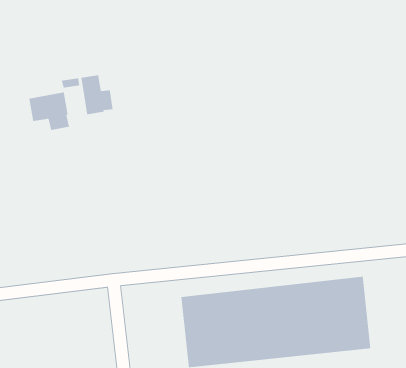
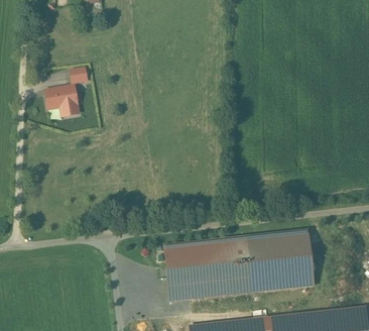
building: [81,74,113,115] -> none

